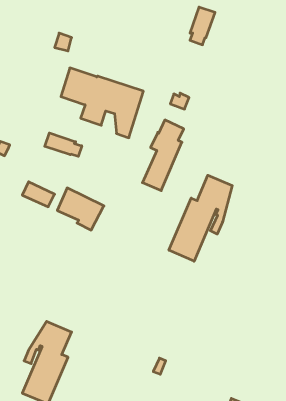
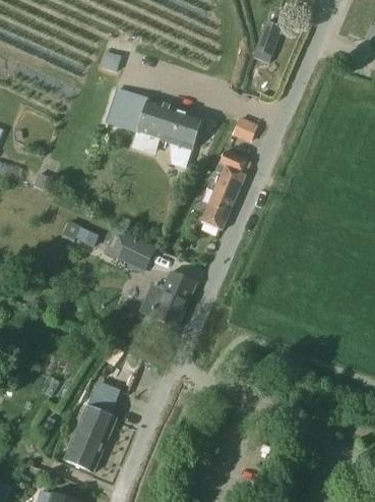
building: [45,133,82,156] -> none
building: [169,175,232,261] -> none
building: none -> [138,271,196,327]

